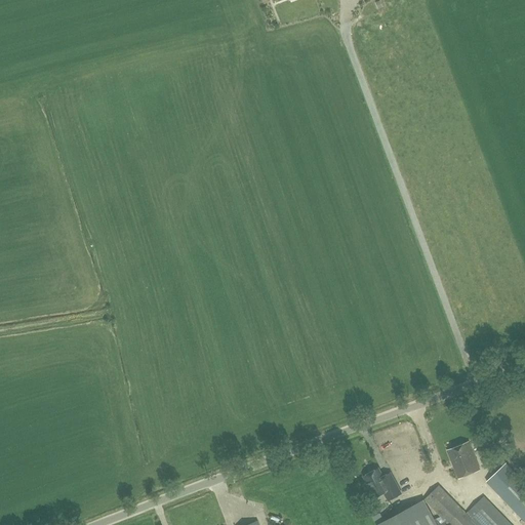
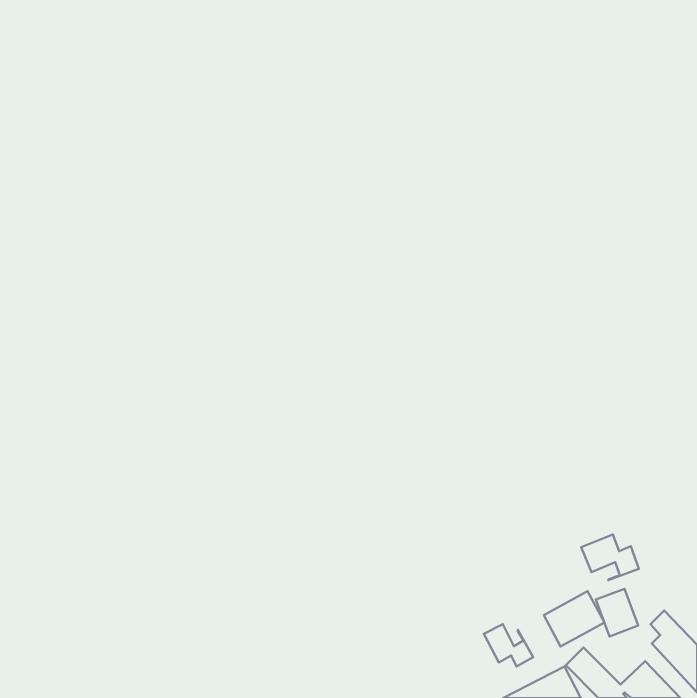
building: none -> [581,534,639,580]
building: none -> [544,591,604,647]

